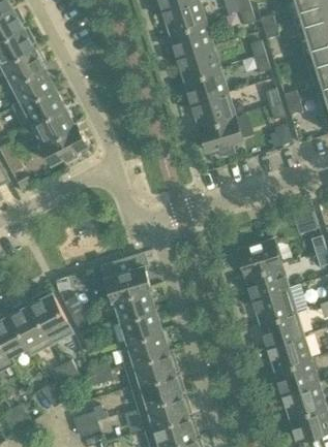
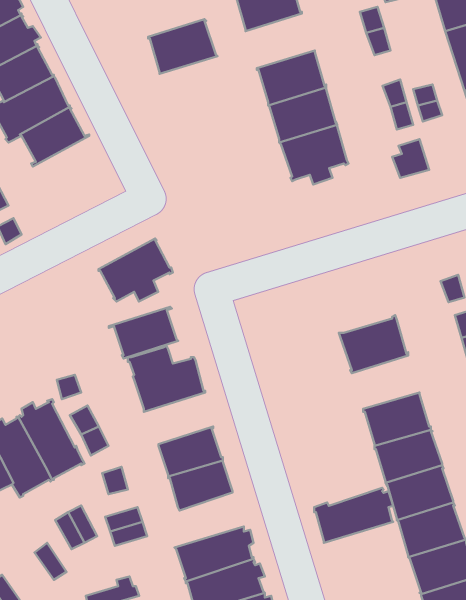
building: [176,45,220,81] -> [148,19,217,74]
building: [39,124,87,164] -> [99,239,173,302]
building: [244,264,288,298] -> none
building: [111,288,155,321] -> [109,307,178,359]
building: [124,352,175,387] -> [314,488,393,543]

